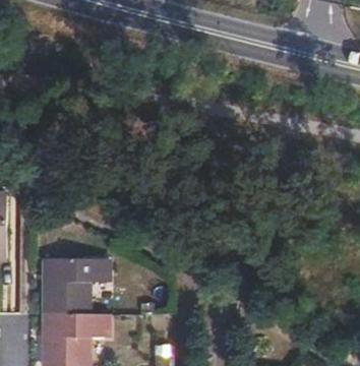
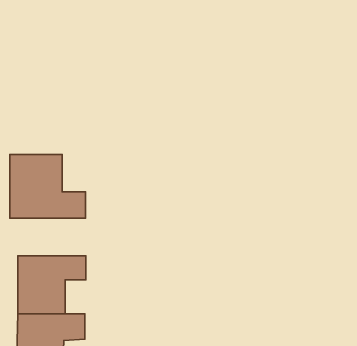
building: none -> [10,154,85,218]

